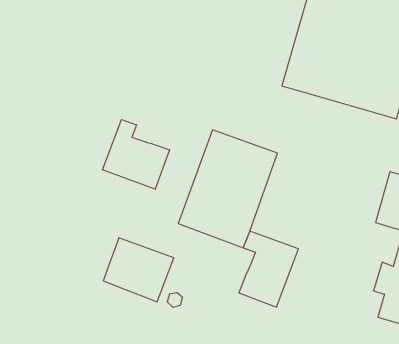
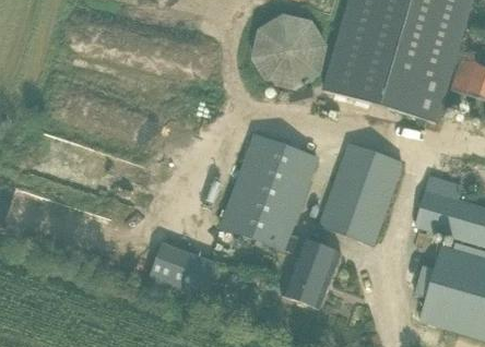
building: none -> [251,14,328,89]
building: [102,120,170,189] -> none
building: none -> [318,143,401,246]

